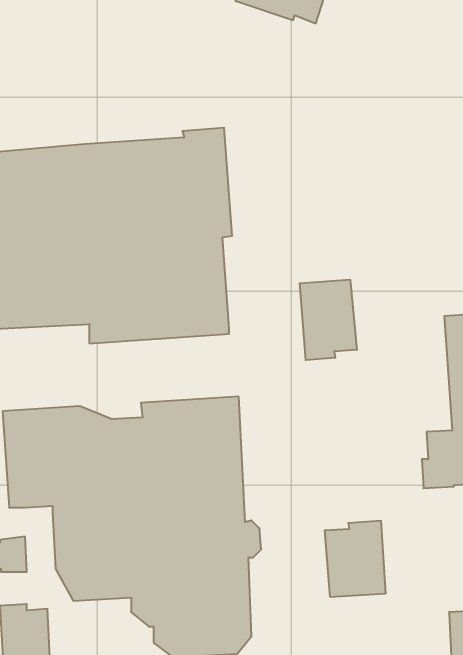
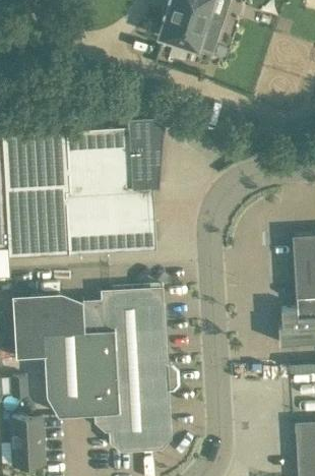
building: [300,280,357,360] -> none
building: [325,521,385,597] -> none

